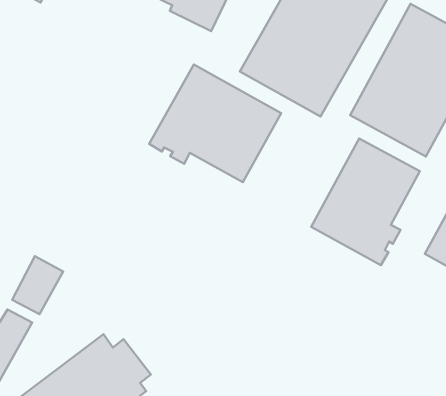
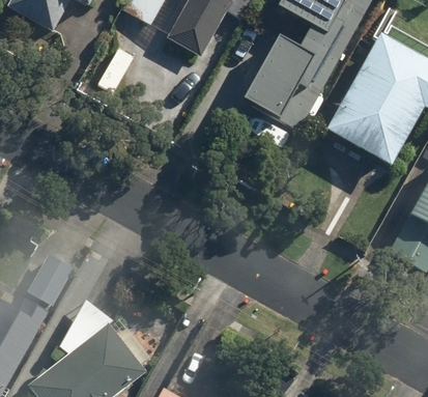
building: [149,64,281,182] -> none
building: [311,139,420,265] -> none

